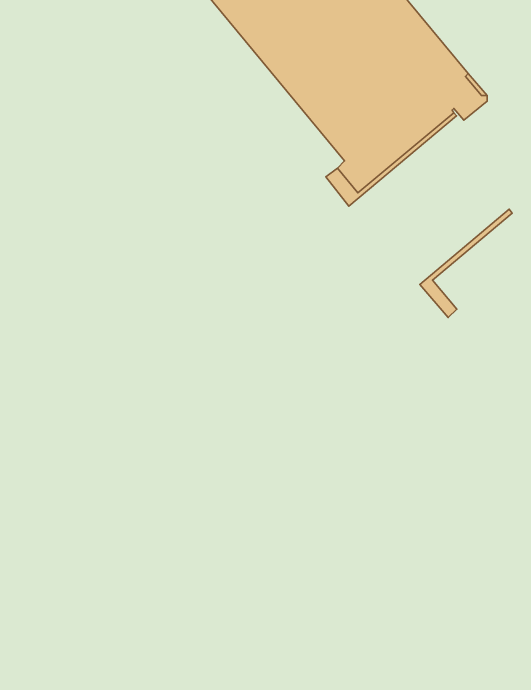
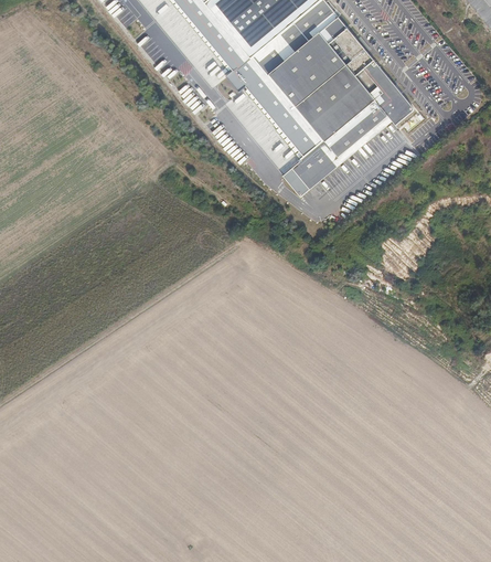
building: [420,209,512,318] -> none

